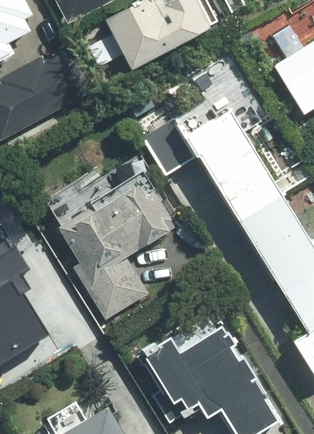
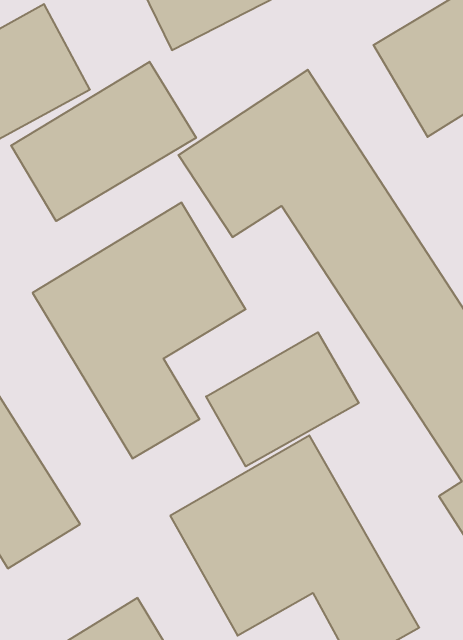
building: none -> [11,62,196,221]
building: none -> [206,332,359,466]

